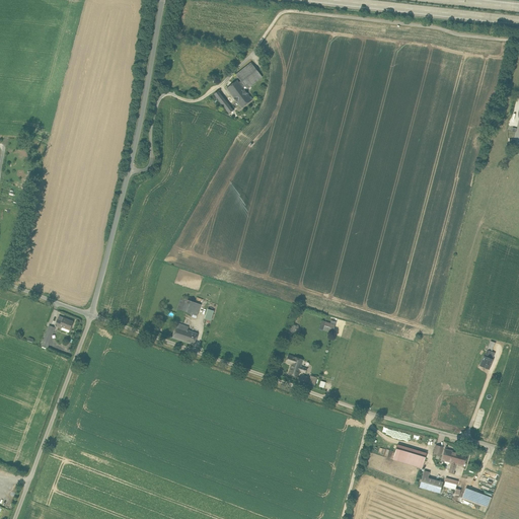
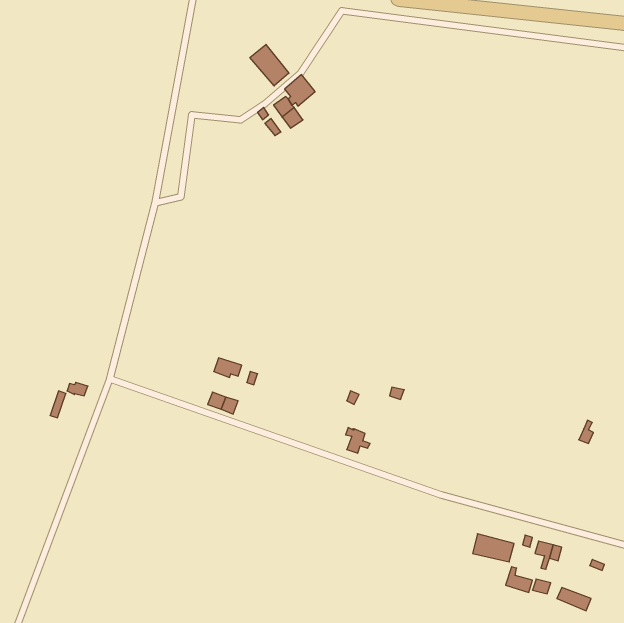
building: none -> [250,44,289,86]

